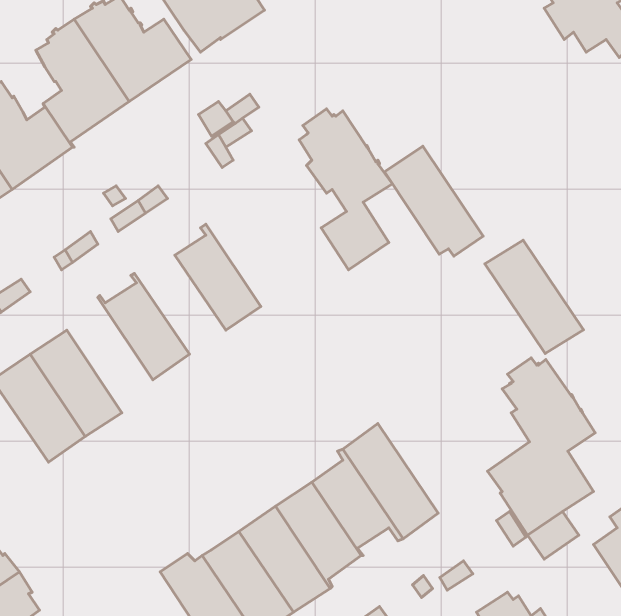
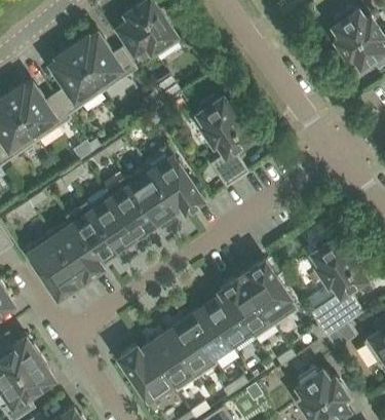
building: [384,146,483,256] -> [146,147,201,208]
building: [485,240,584,354] -> [242,260,298,323]
building: none -> [106,176,157,234]
building: none -> [65,202,116,267]

